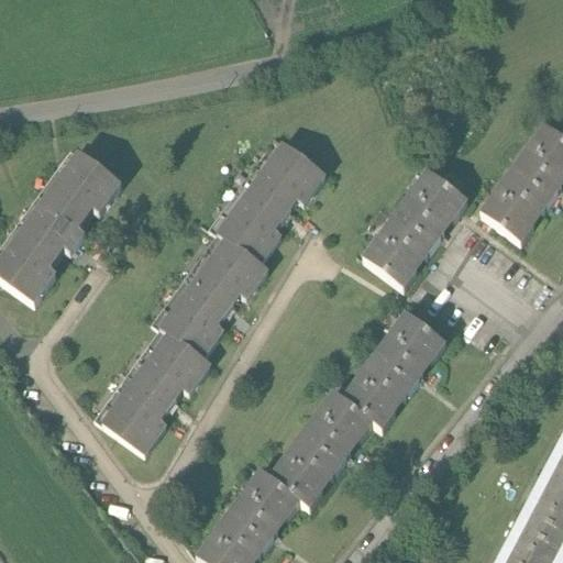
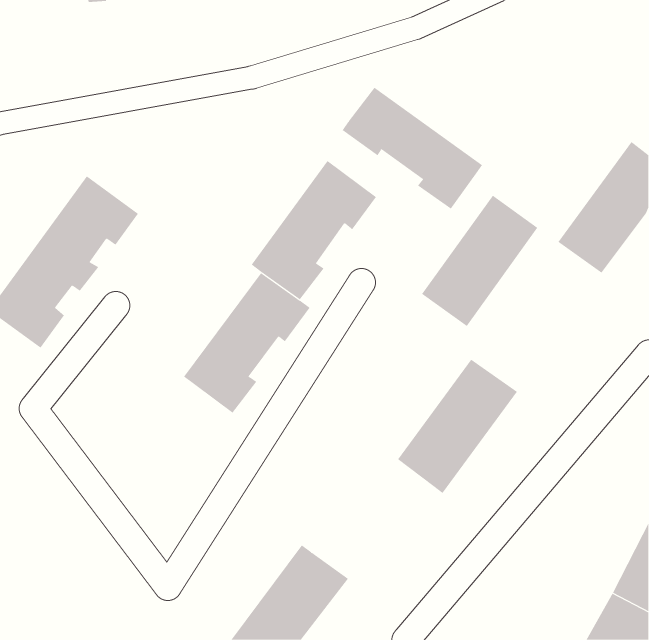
building: none -> [342,87,483,210]
building: [101,332,210,453] -> none
building: [269,390,374,507] -> none

